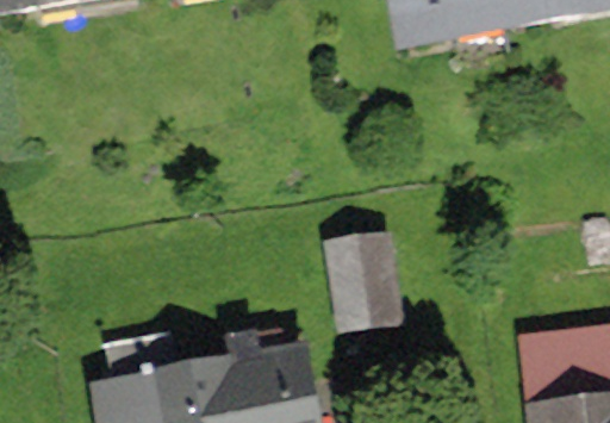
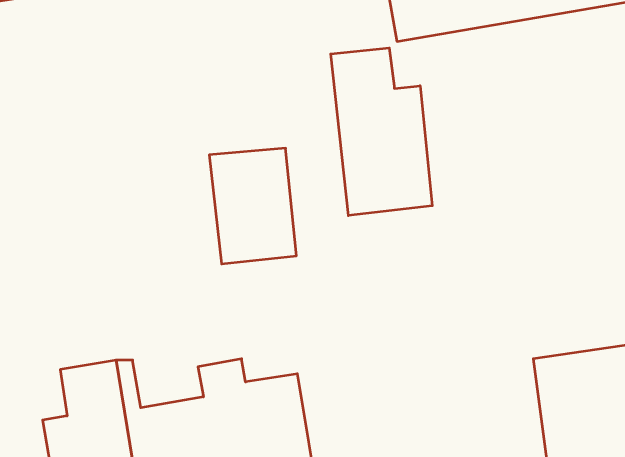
building: none -> [331,48,432,216]
building: [324,226,400,328] -> [209,148,296,264]

